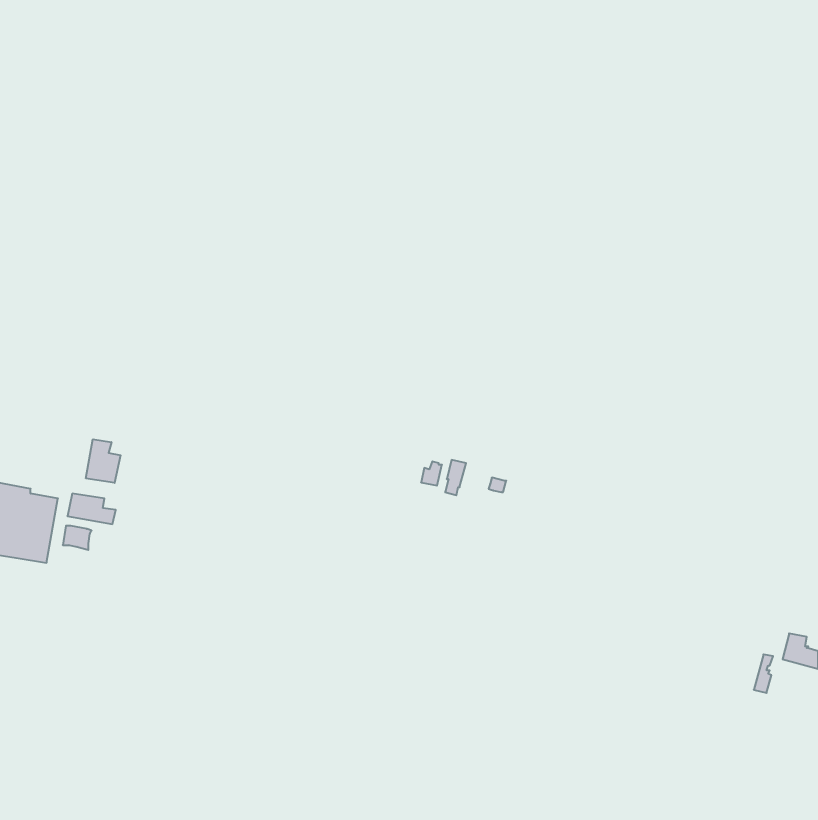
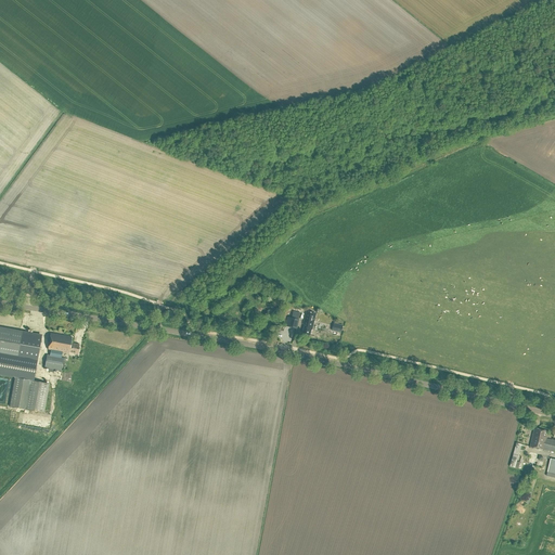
building: [86,439,121,483] -> none
building: none -> [8,377,47,412]

